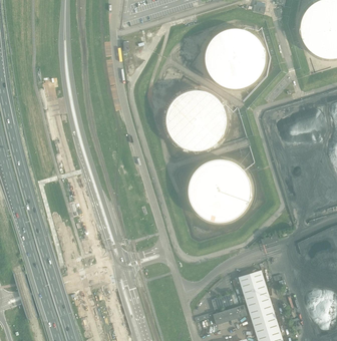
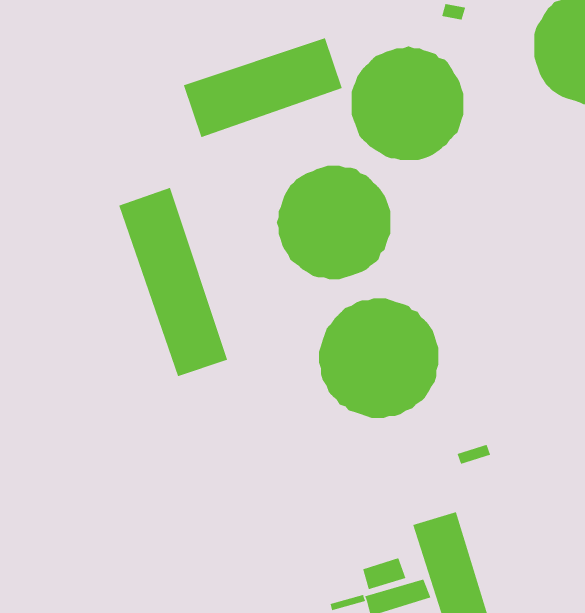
building: none -> [183,37,343,138]
building: none -> [118,187,228,377]

